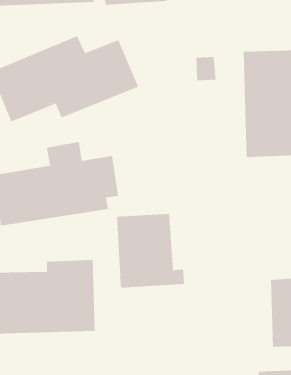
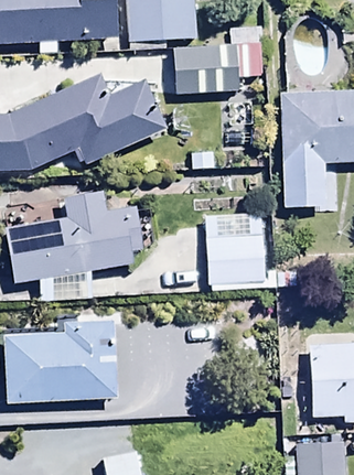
building: none -> [174,41,264,94]
building: [116,213,185,288] -> [204,208,279,290]

